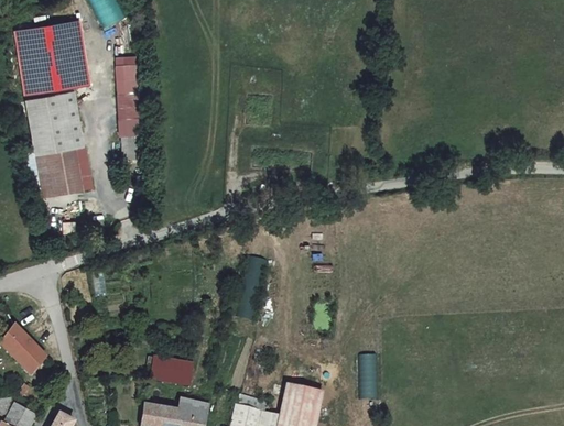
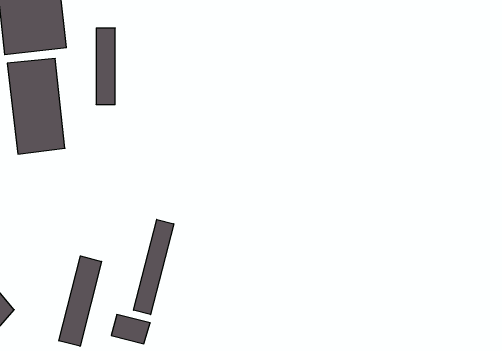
building: none -> [134,219,174,315]
building: none -> [59,256,102,346]

